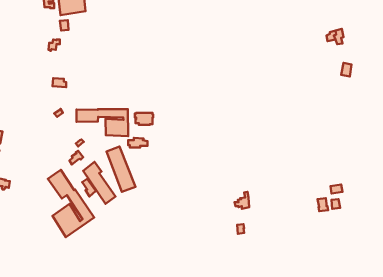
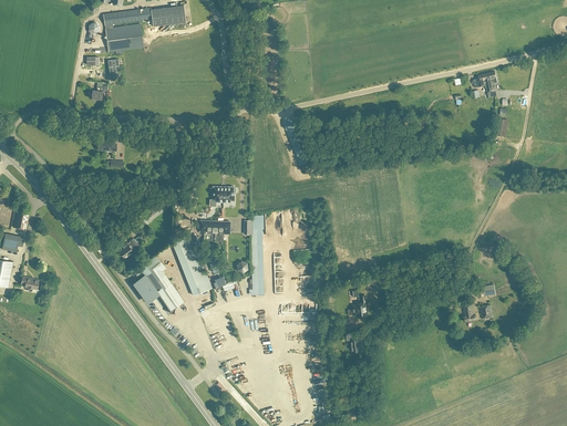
building: [76,109,128,136] -> none
building: [48,170,94,237] -> none

